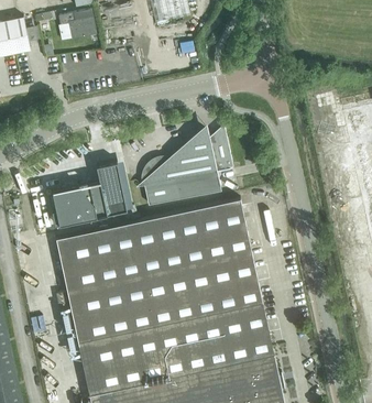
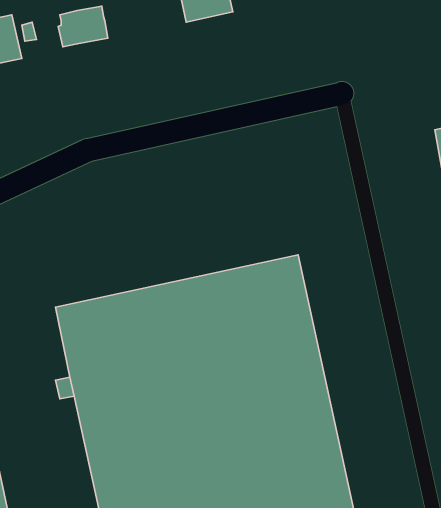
building: [144,132,233,206] -> none
building: [52,162,128,225] -> none

